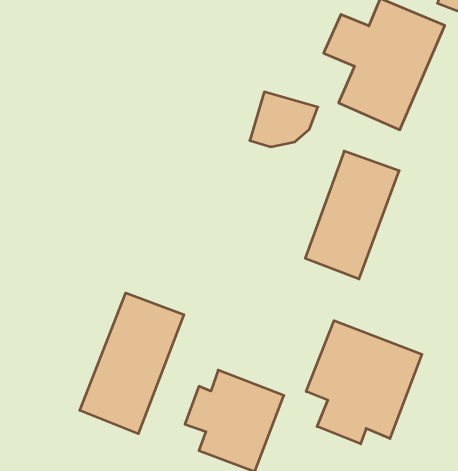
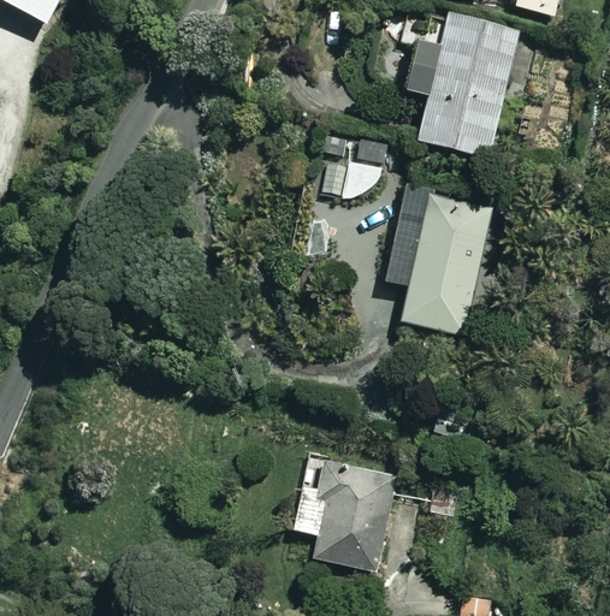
building: [80,293,184,434] -> none
building: [306,321,422,444] -> none

